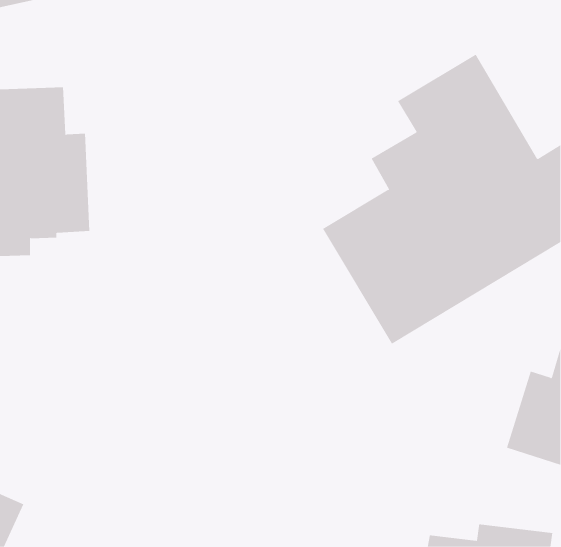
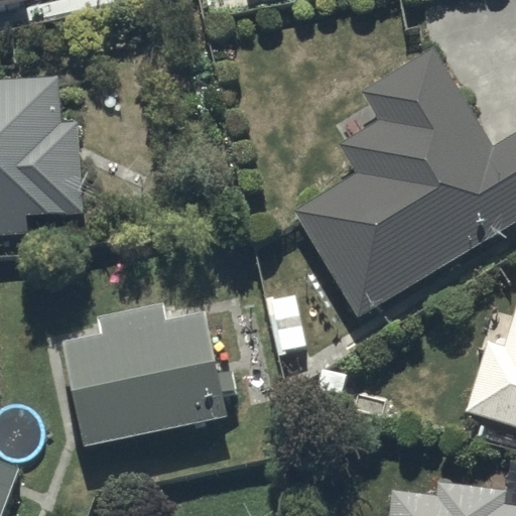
building: none -> [61,296,237,450]

